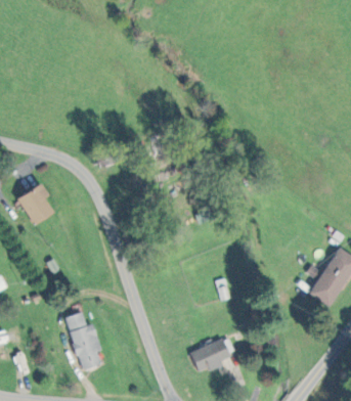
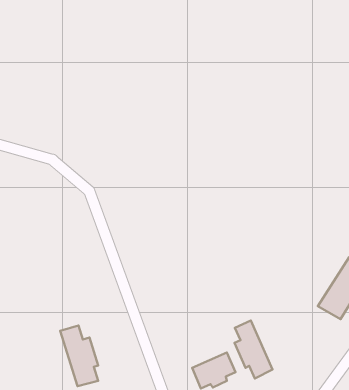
building: [17,183,54,225] -> none
building: none -> [235,320,272,378]

